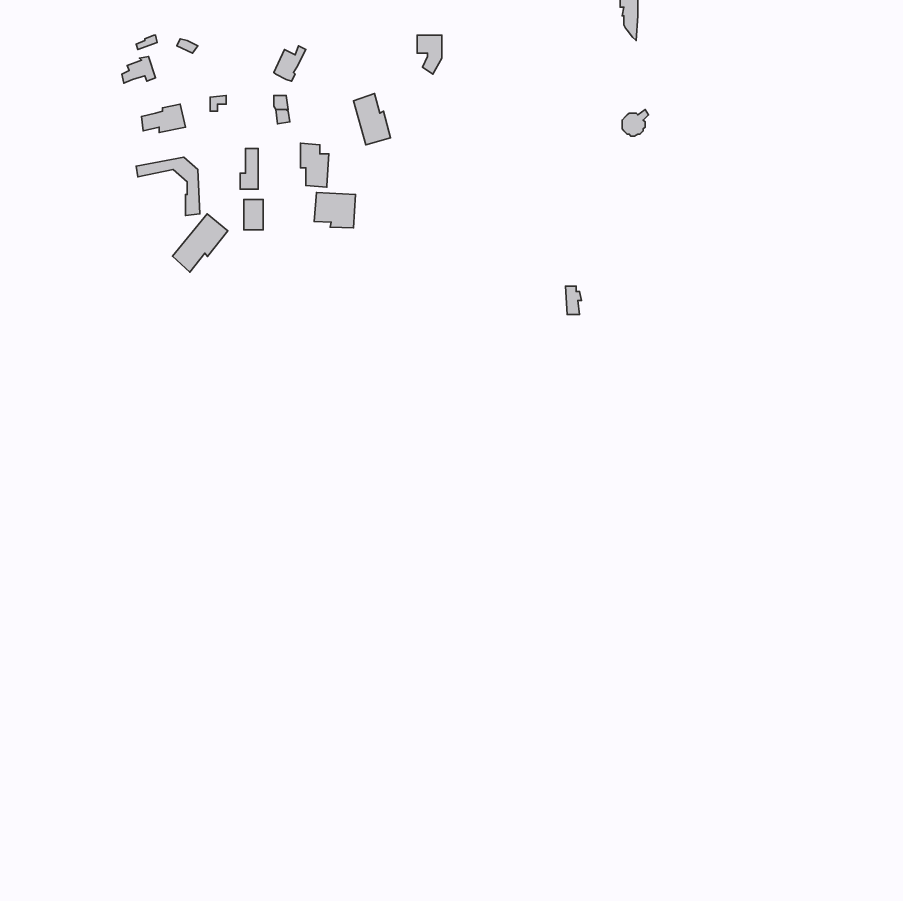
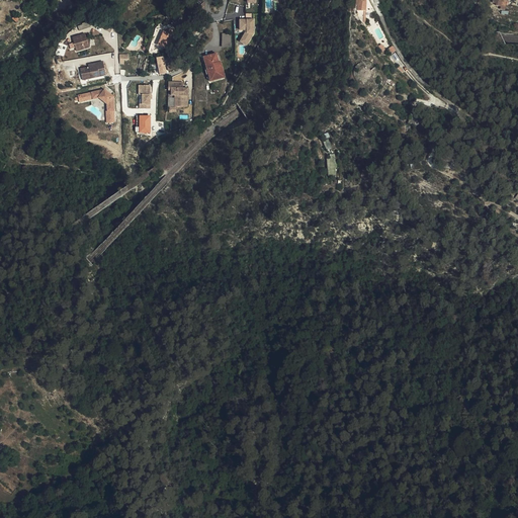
building: [314,192,355,228] -> none
building: [172,214,228,272] -> none

